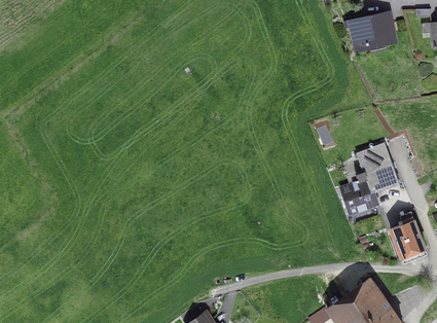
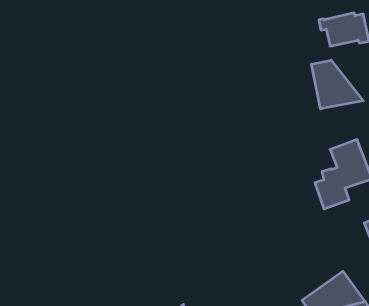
building: none -> [312,60,363,109]

